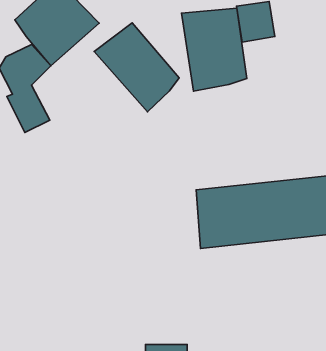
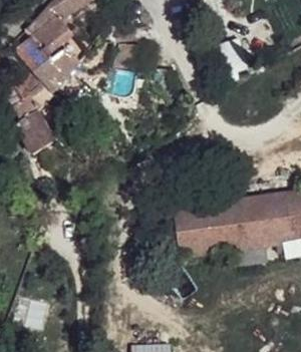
building: [181,8,247,91] -> none
building: [94,23,179,112] -> none

